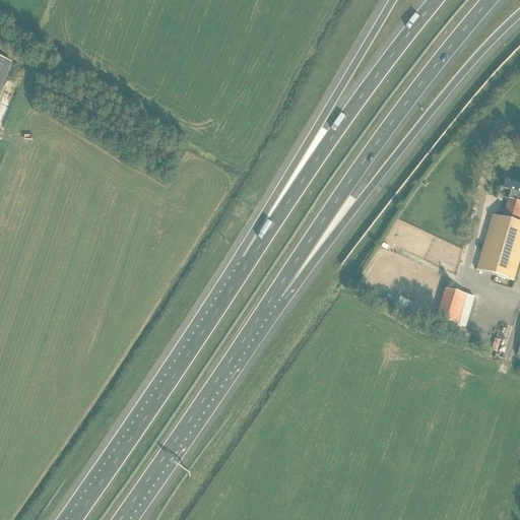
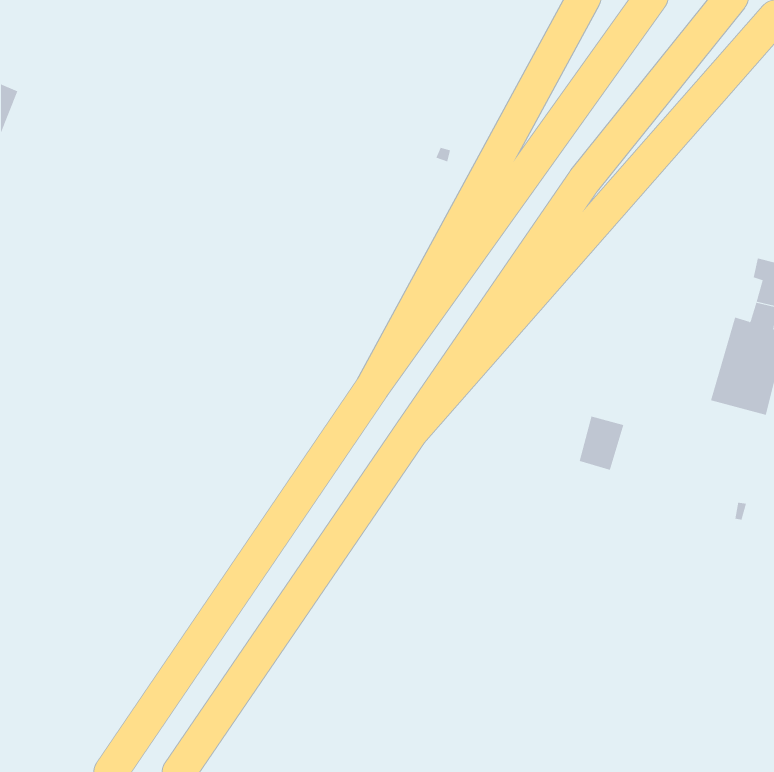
building: [438,286,468,323] -> [579,416,624,470]

